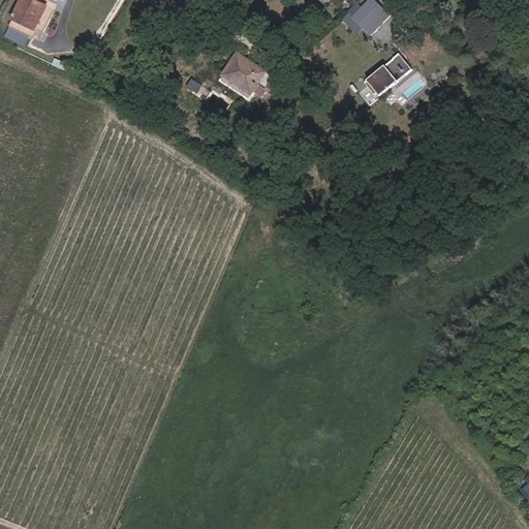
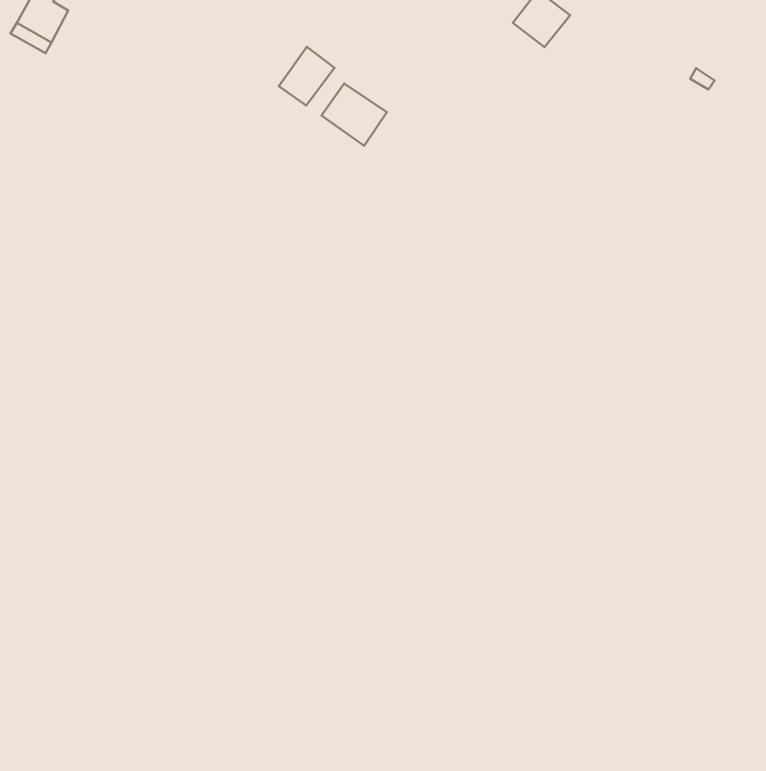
building: none -> [279,47,334,106]
building: [366,51,412,95] -> none

